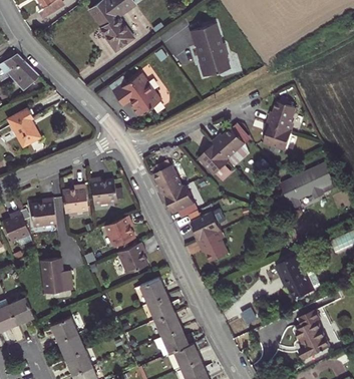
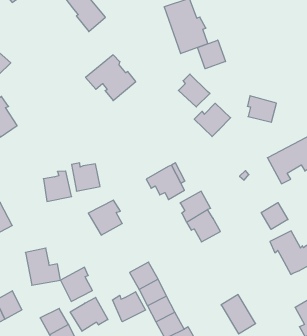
building: none -> [198,40,225,69]
building: [267,97,298,131] -> none
building: [200,142,230,174] -> [178,74,210,107]
building: [151,159,184,198] -> none
building: [30,198,56,227] -> none
building: none -> [261,203,288,229]
building: [117,242,147,274] -> [61,267,92,301]
building: none -> [112,292,146,322]
building: none -> [70,297,108,331]

